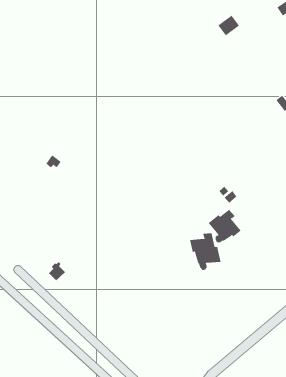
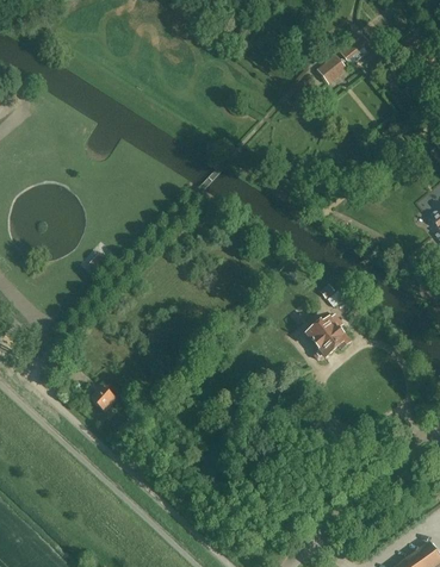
building: [189,233,221,271] -> none

